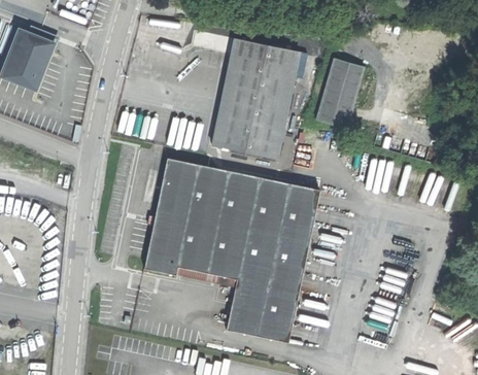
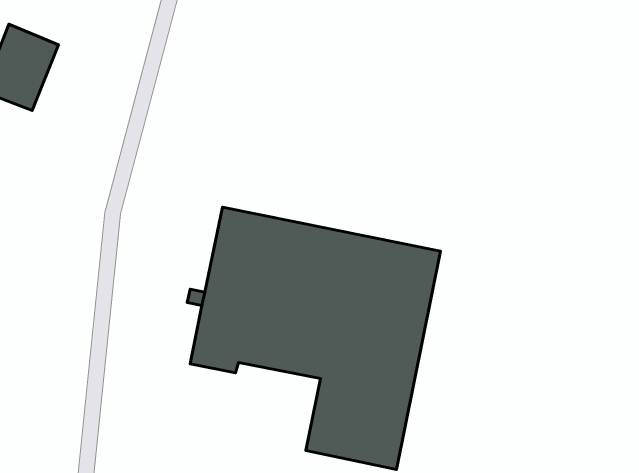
building: [211,39,299,160] -> none
building: [317,57,365,128] -> none

